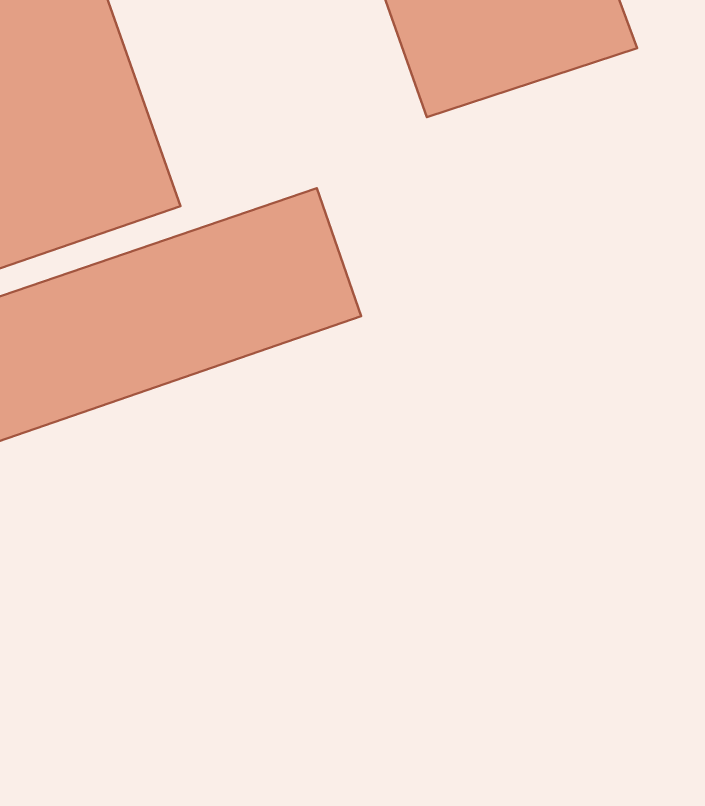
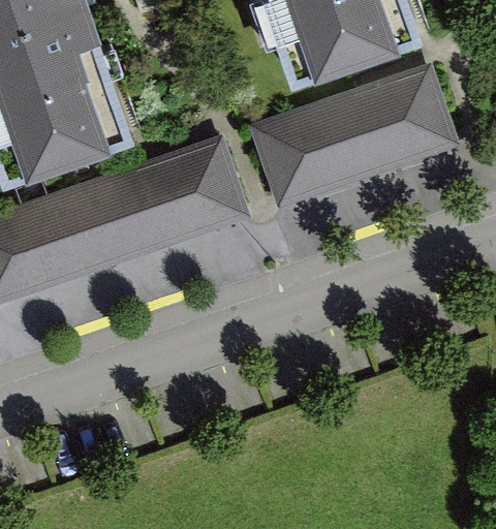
building: none -> [247,62,457,206]

